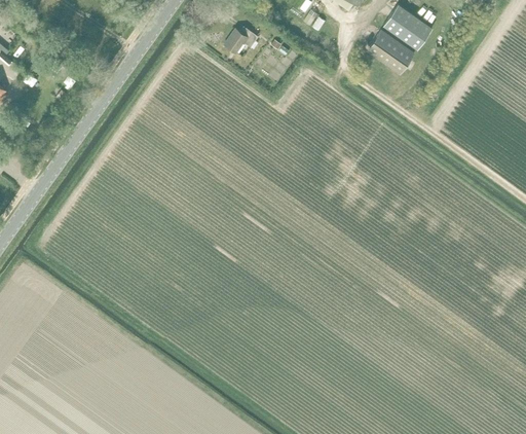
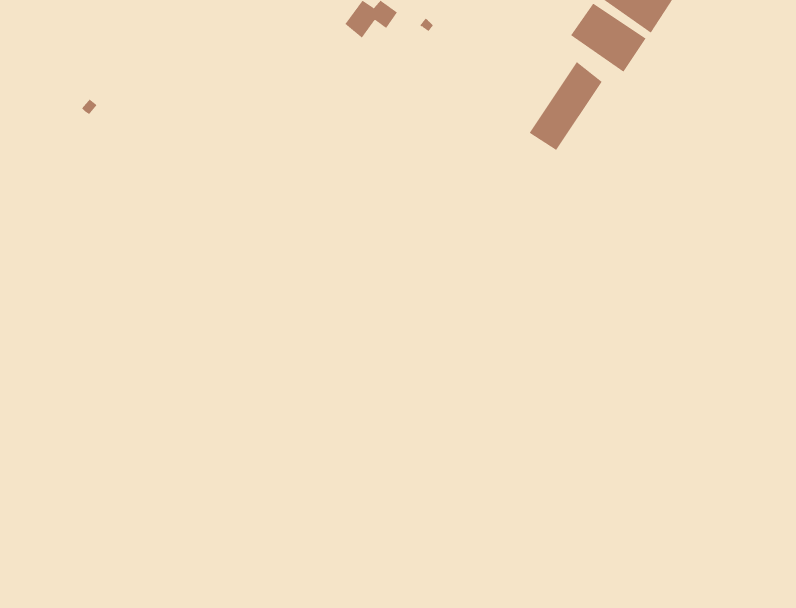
building: none -> [529,61,603,151]

